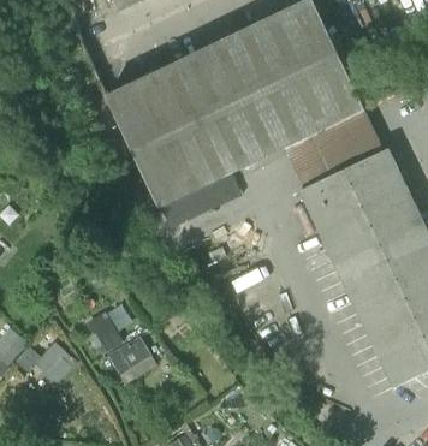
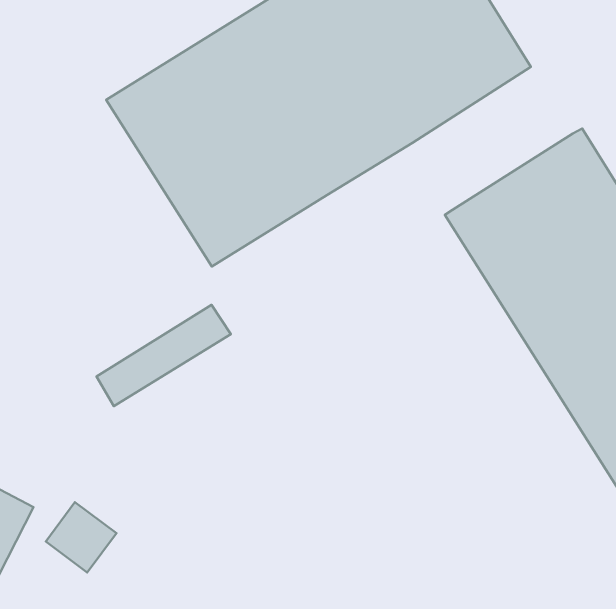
building: [284,106,381,186] -> none
building: [154,168,238,222] -> [96,305,231,406]
building: [99,320,151,368] -> none

